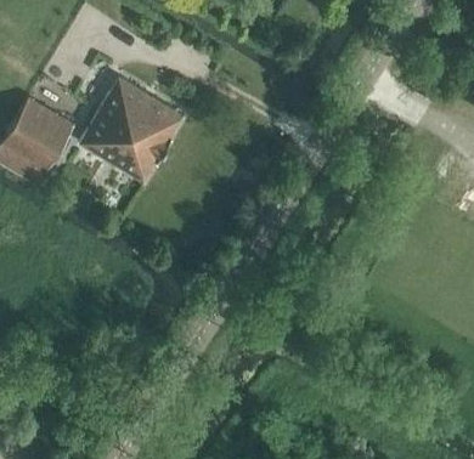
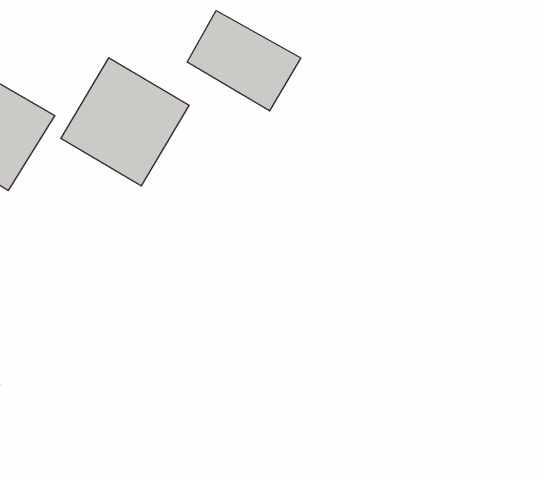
building: none -> [187,11,301,111]

